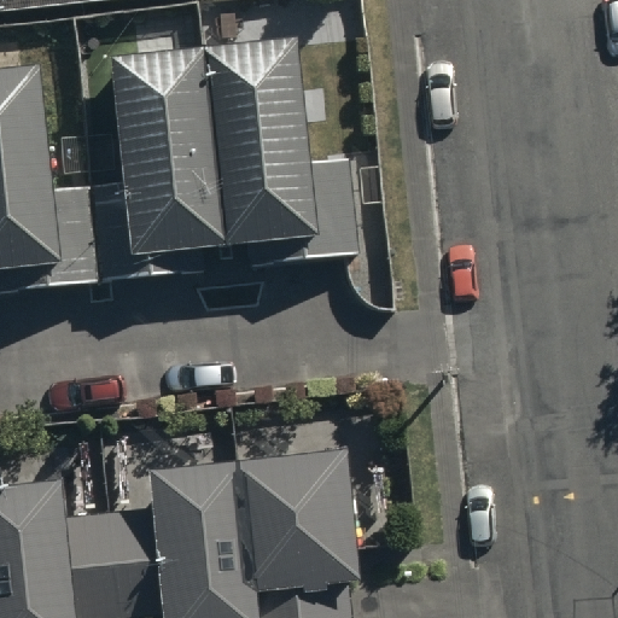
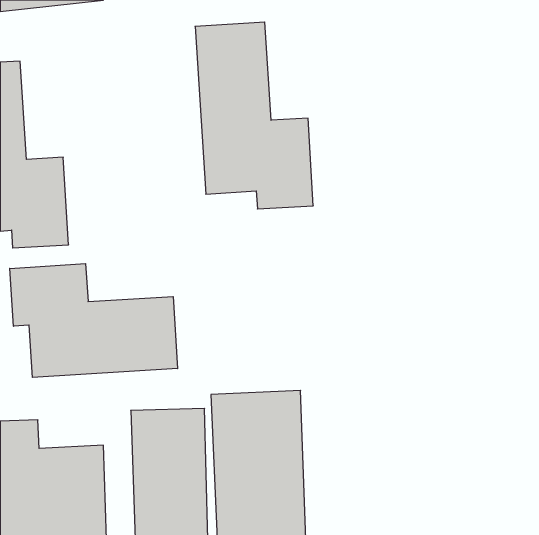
building: [103,30,225,257] -> none
building: none -> [10,264,178,377]

